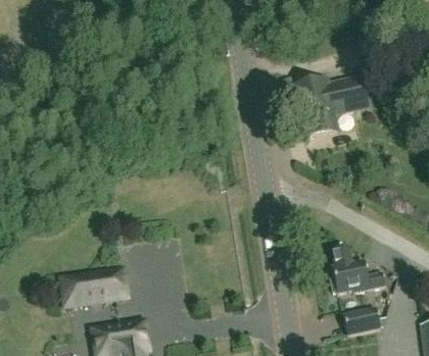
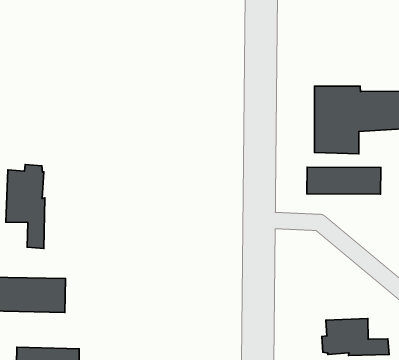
building: none -> [307,167,381,194]
building: none -> [6,165,45,248]

